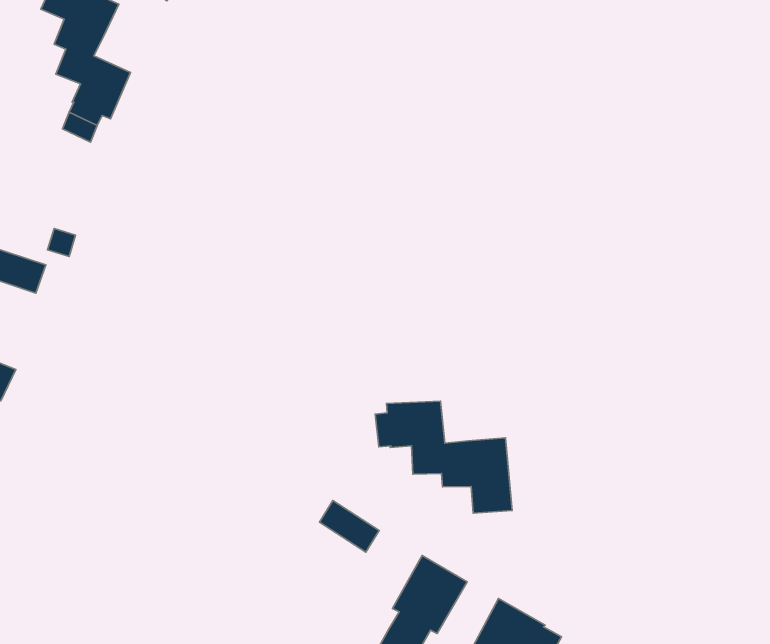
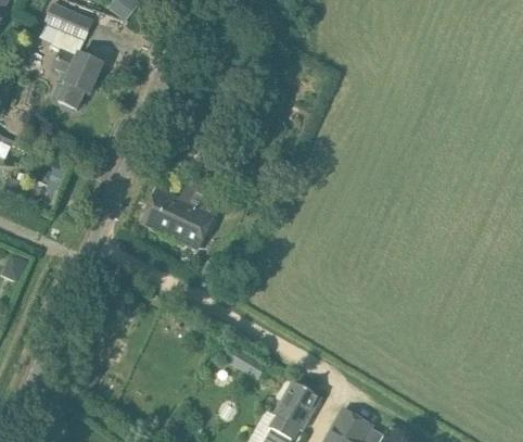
building: none -> [140,182,222,250]
building: [375,401,512,513] -> none

